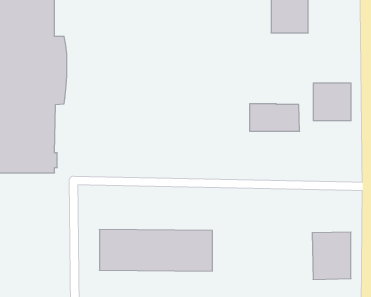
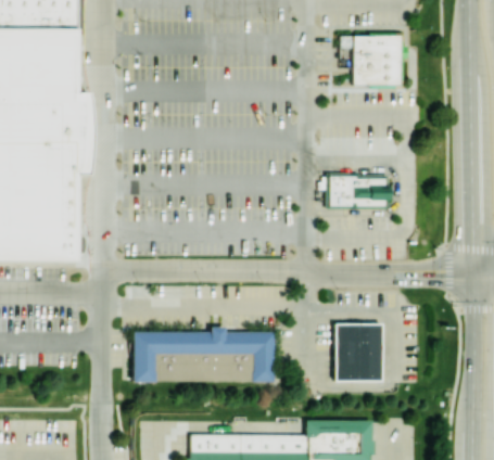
building: [313,83,351,121] -> none
building: [312,232,351,279] -> [333,320,382,380]

